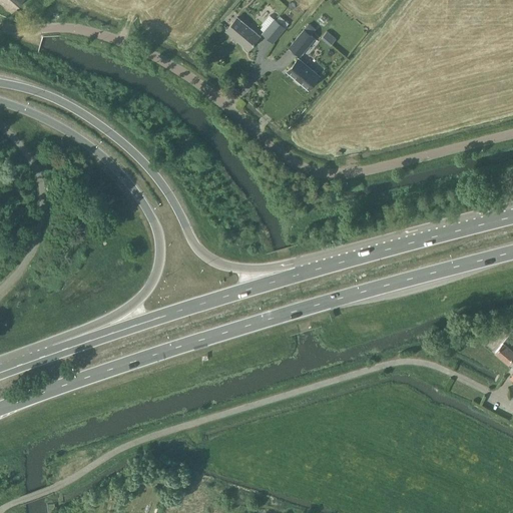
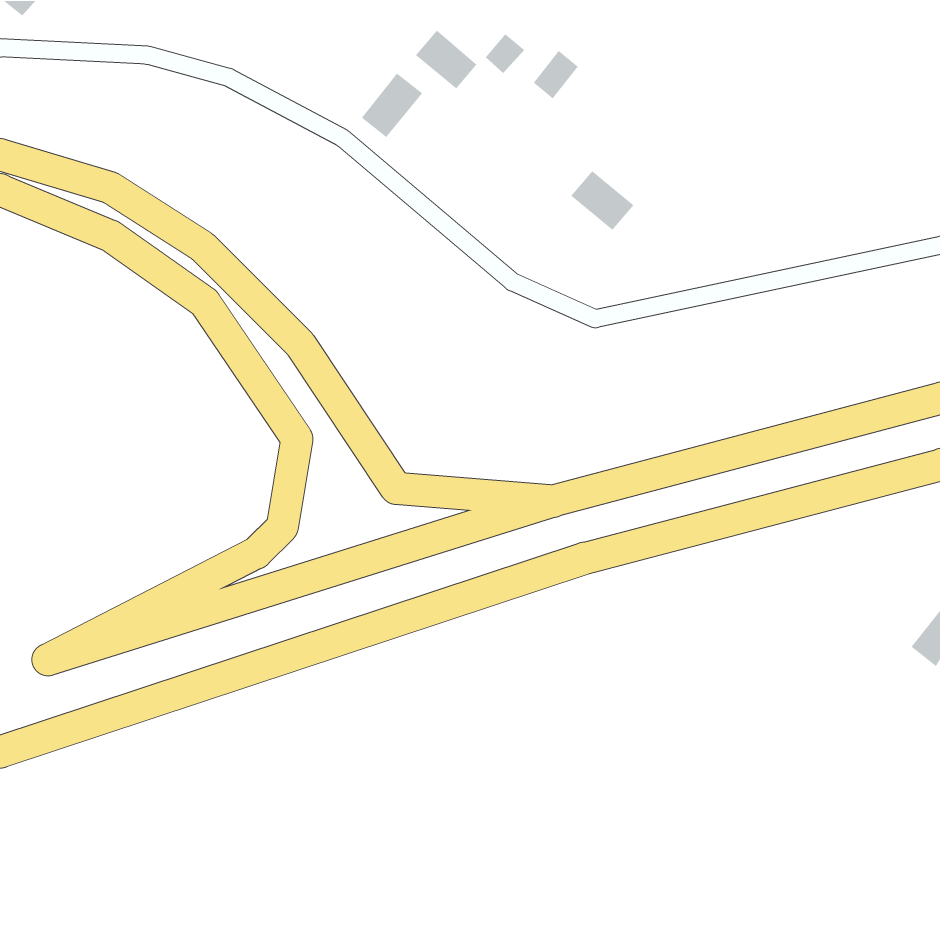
building: none -> [361,72,423,139]
building: [288,58,323,91] -> [570,170,635,231]

